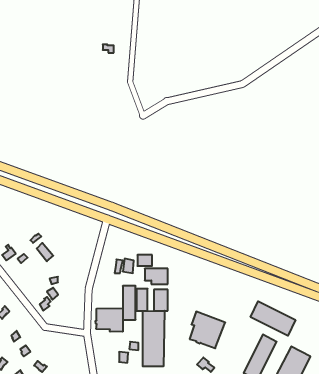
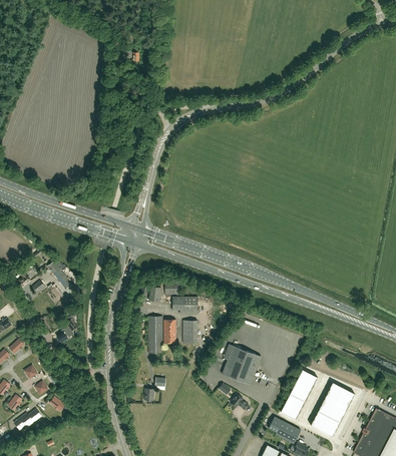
building: [251,301,295,336] -> none
building: [96,308,123,332] -> none
building: [143,311,165,366] -> none

